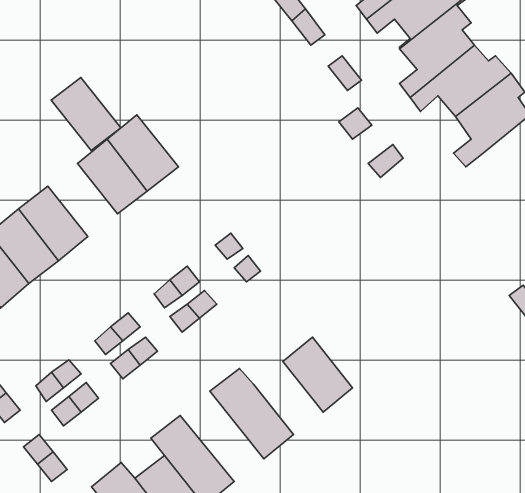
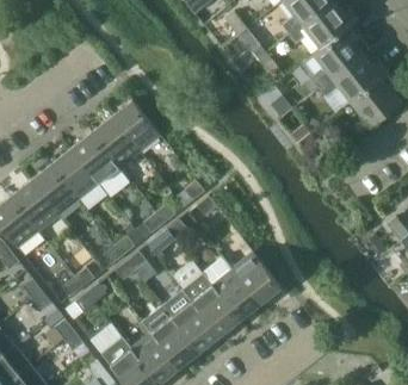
building: [51,77,121,150] -> [70,133,118,184]
building: none -> [211,269,259,319]
building: none -> [161,290,218,352]

